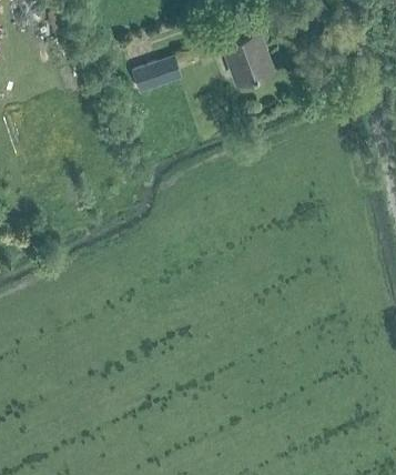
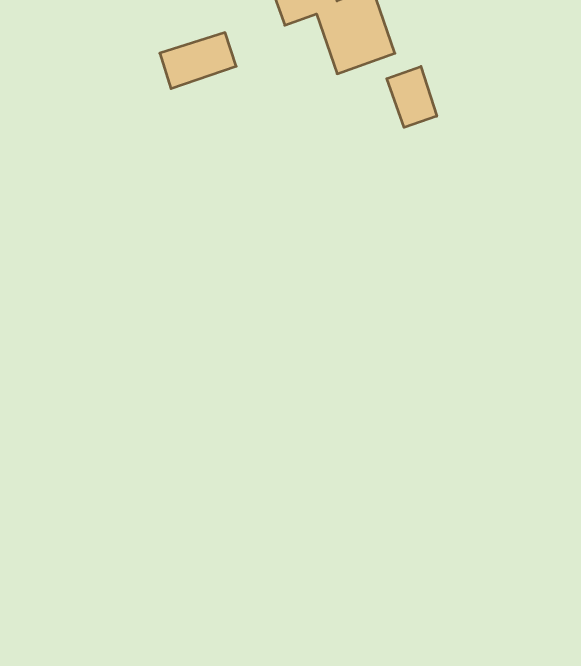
building: none -> [387,66,437,127]

